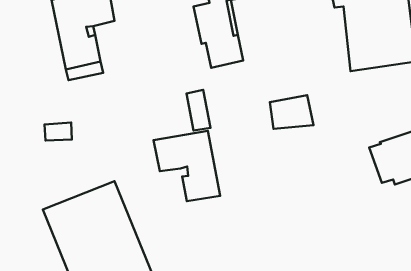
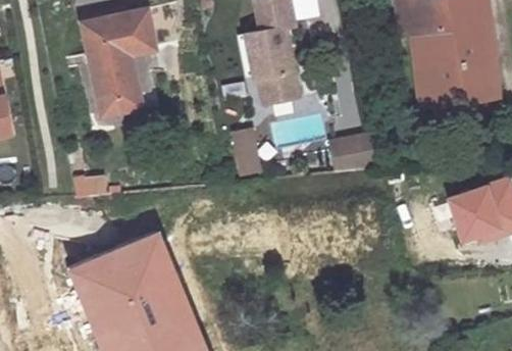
building: [154,131,220,201] -> none

